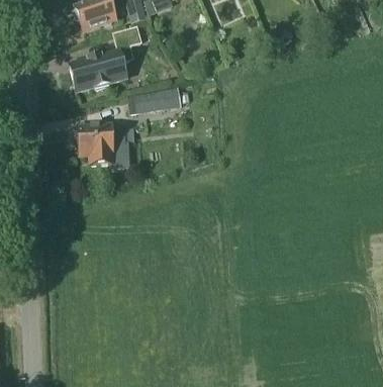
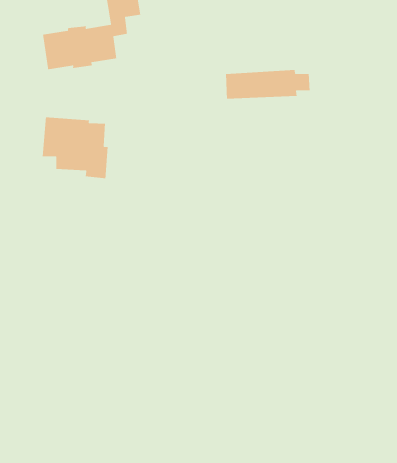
building: [125,86,190,114] -> [225,69,310,99]

